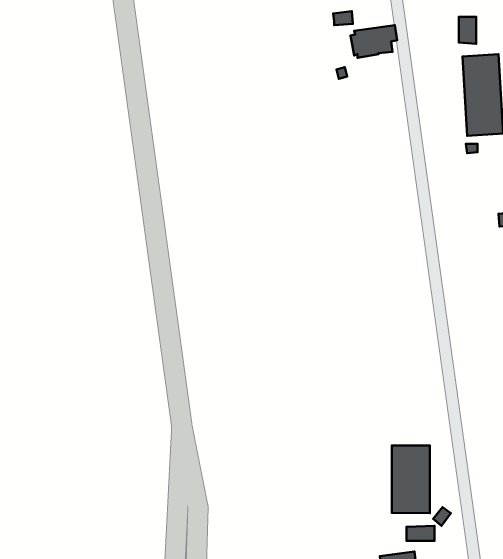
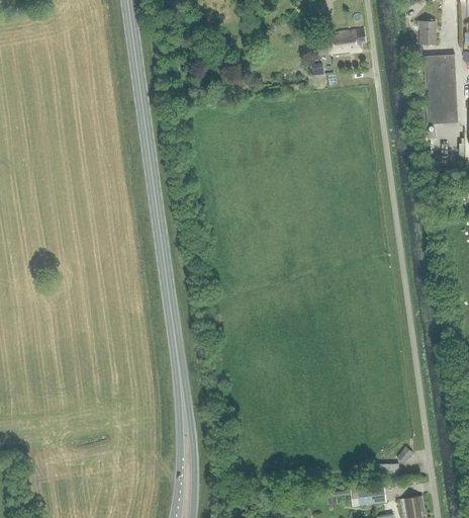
building: [392,445,430,513] -> none

